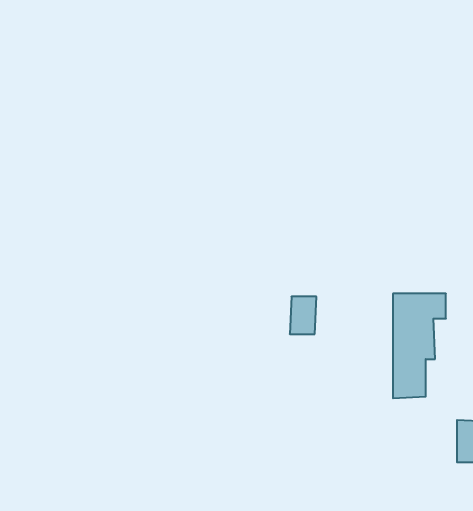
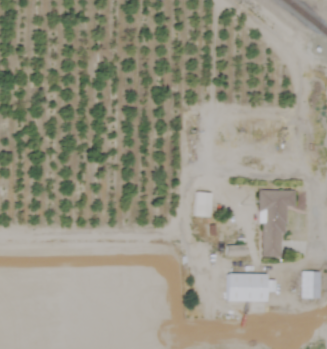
building: none -> [228,274,267,301]

